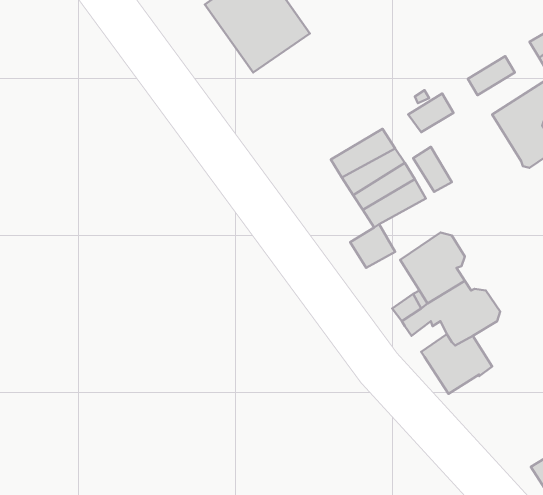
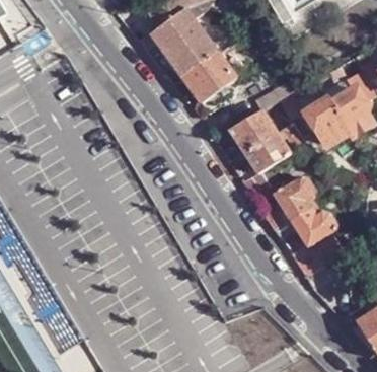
building: none -> [182,51,238,103]
building: none -> [306,97,351,144]

